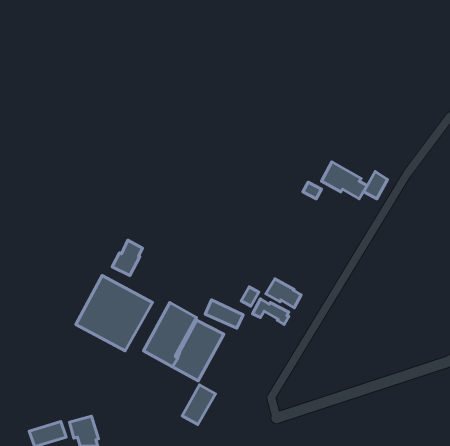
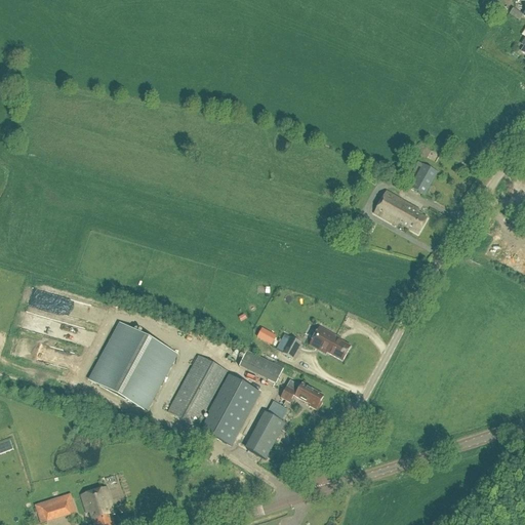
building: [364,171,388,199] -> [410,161,438,193]
building: [112,240,143,275] -> none
building: [253,299,289,324] -> [281,378,323,408]
building: [182,385,216,425] -> [246,411,285,457]

